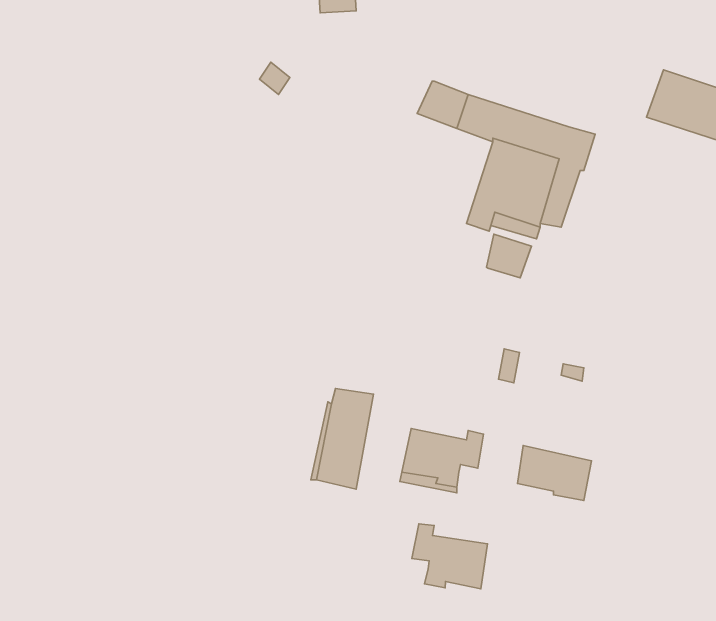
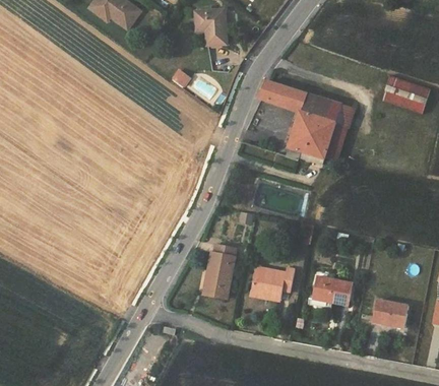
building: [486,234,532,278] -> none
building: none -> [373,300,409,328]
building: [412,524,487,589] -> none

